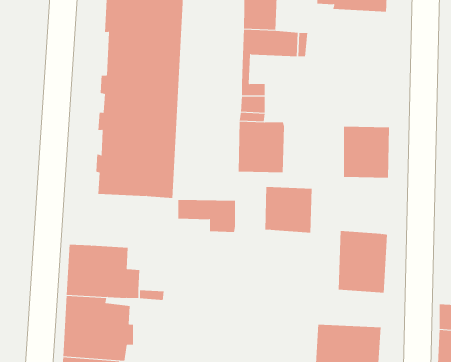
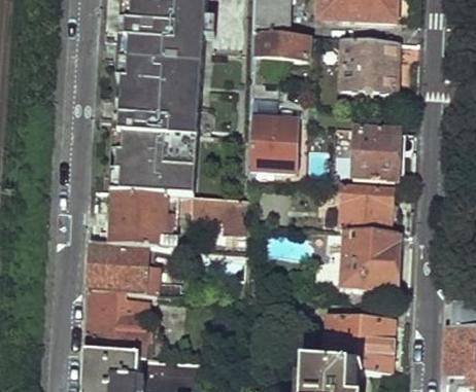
building: none -> [344,39,397,93]
building: [265,186,312,233] -> [346,187,393,233]
building: none -> [110,194,176,248]

